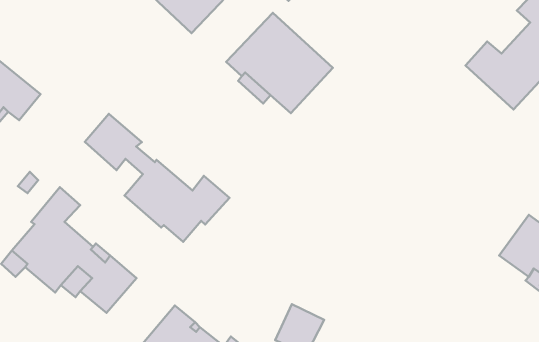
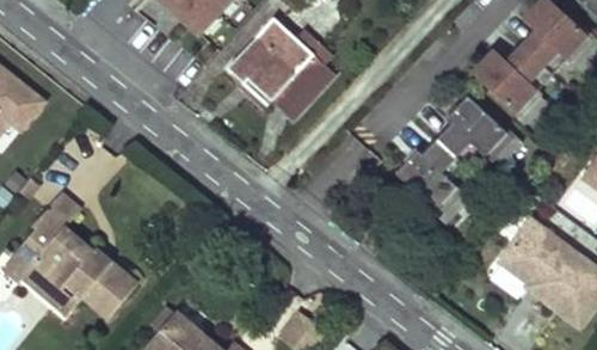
building: none -> [393,94,506,209]
building: [85,114,230,242] -> none

